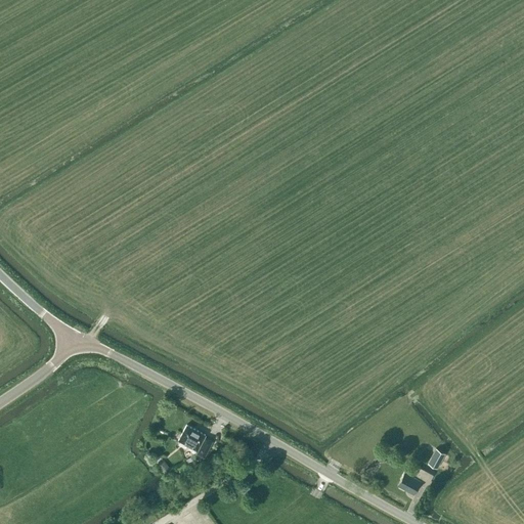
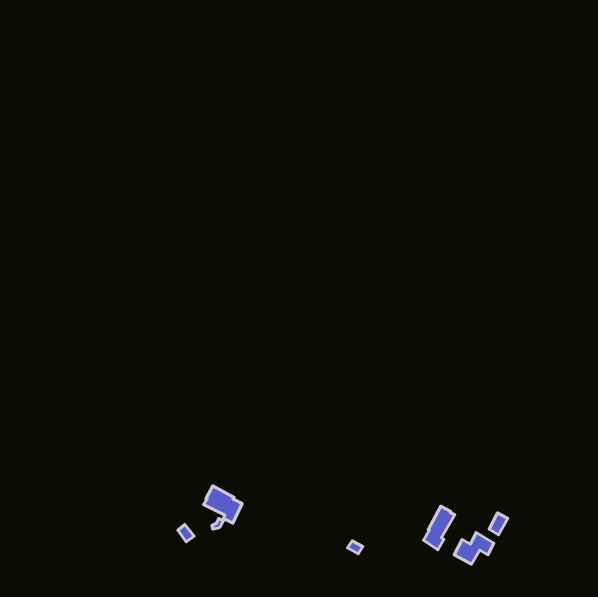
building: none -> [424,506,455,550]

